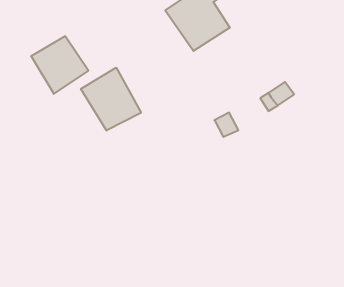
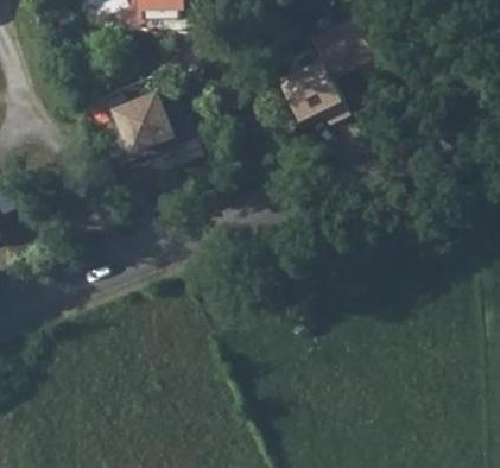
building: [81,68,141,131] -> none

